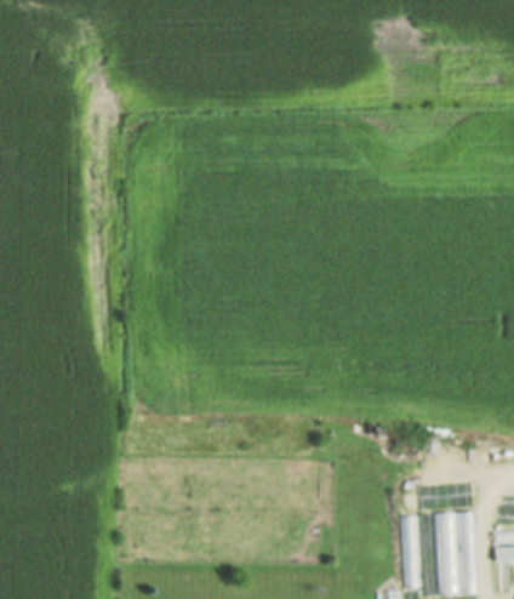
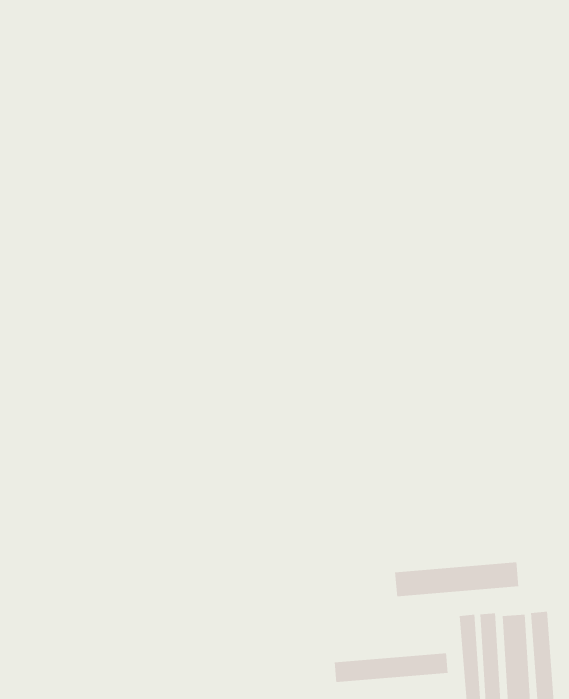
building: none -> [395,562,519,597]
building: none -> [334,652,448,683]

